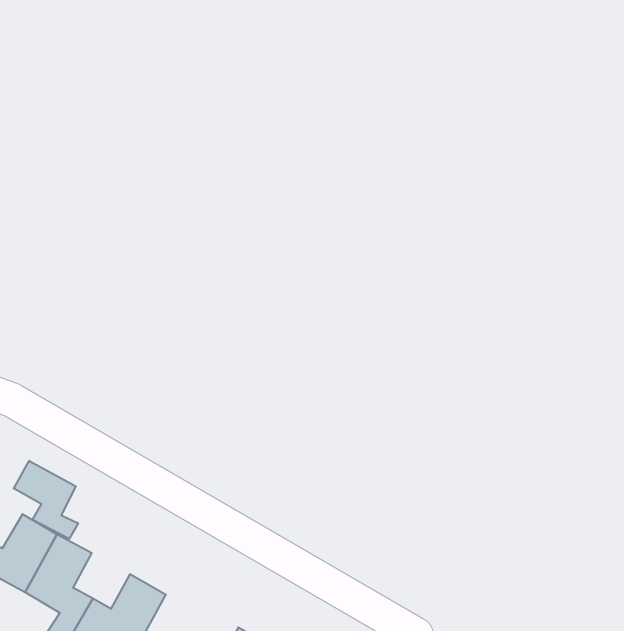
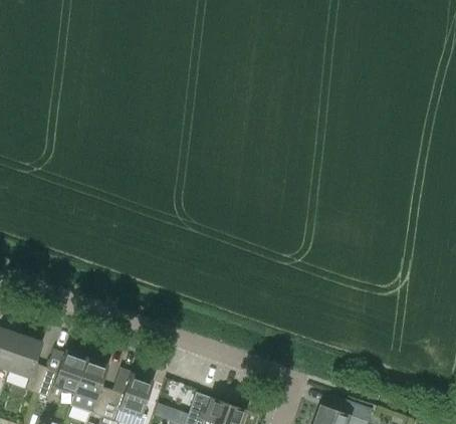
building: [14,461,78,539] -> none

